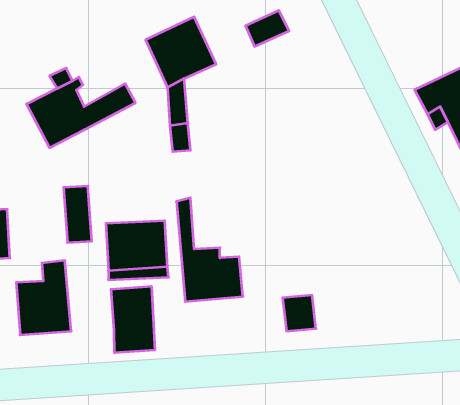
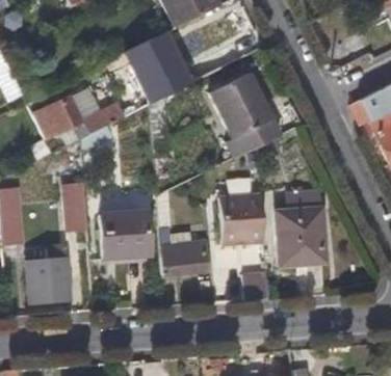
building: none -> [209,72,280,155]
building: none -> [217,195,265,245]
building: none -> [275,204,327,266]
building: [111,286,155,353] -> none

